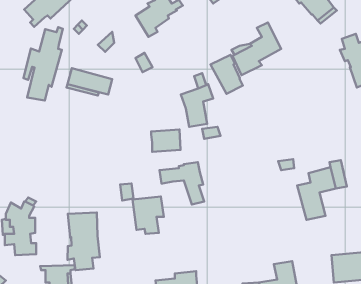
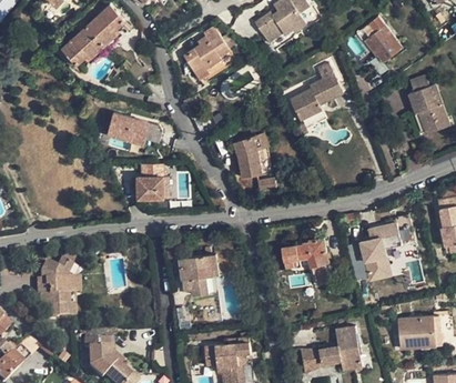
building: [24,27,63,101] -> none
building: [210,55,243,94] -> none
building: [151,129,181,152] -> [135,179,168,203]
building: [160,162,204,205] -> [282,238,331,284]
building: [68,213,100,270] -> none

